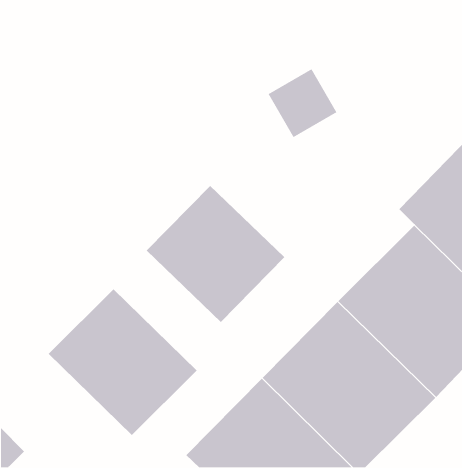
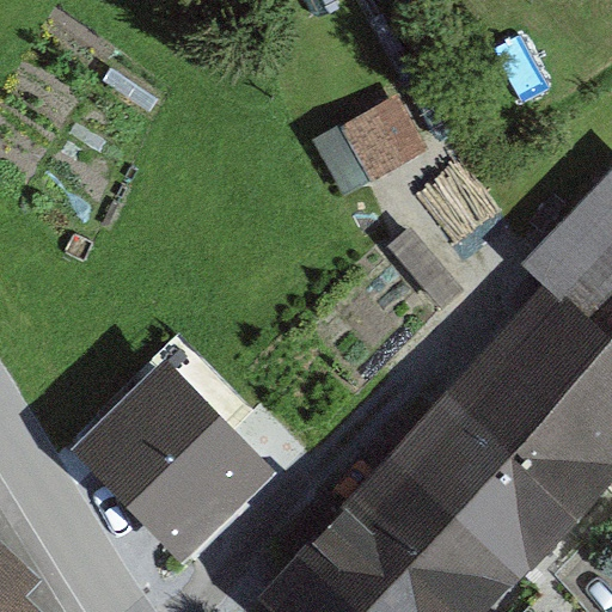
building: [146,185,285,323] -> none

